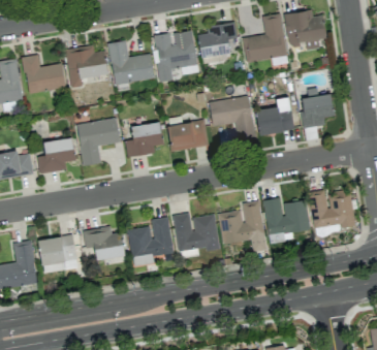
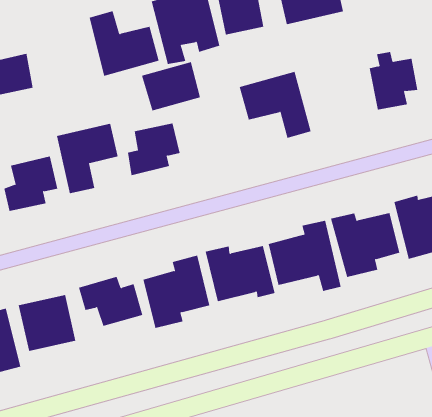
building: [65,45,108,88] -> none
building: [256,97,294,135] -> none
building: [168,120,209,152] -> [141,62,201,111]

